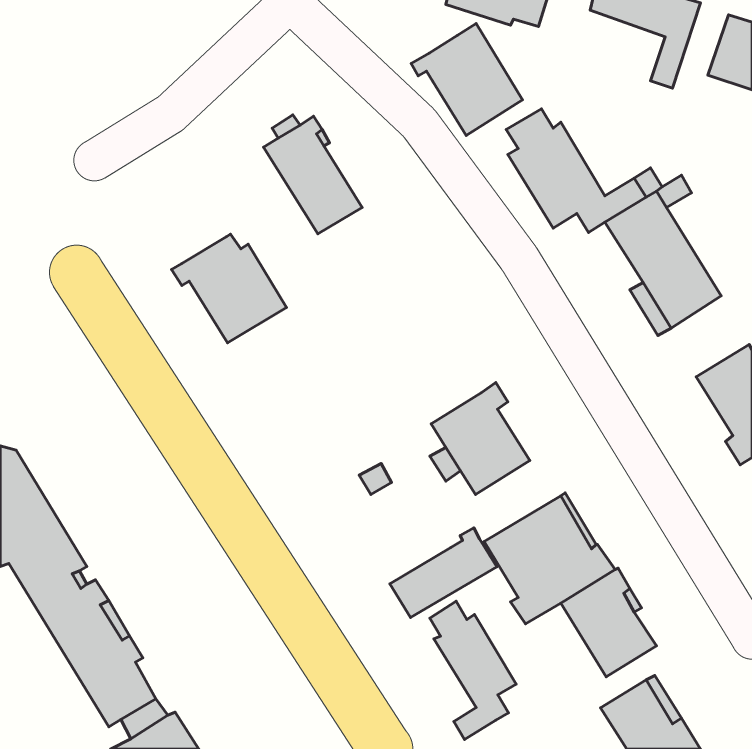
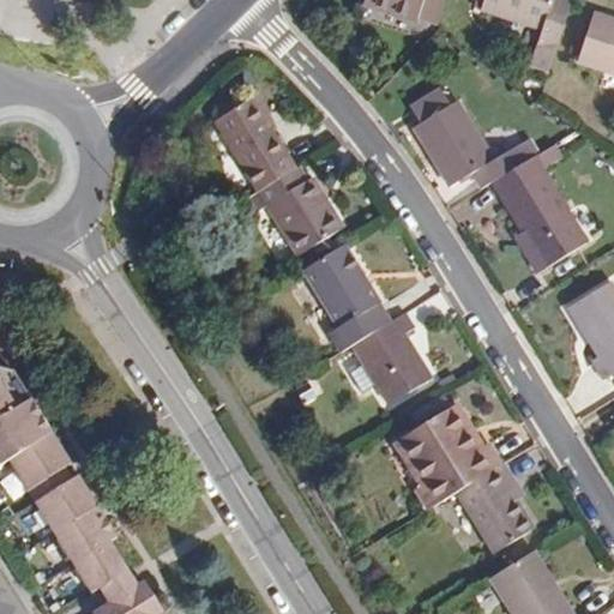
building: [411,24,522,136] -> none
building: [172,234,286,343] -> [251,167,344,255]
building: none -> [302,243,392,353]
building: [390,528,497,617] -> none
building: [430,601,516,739] -> none

